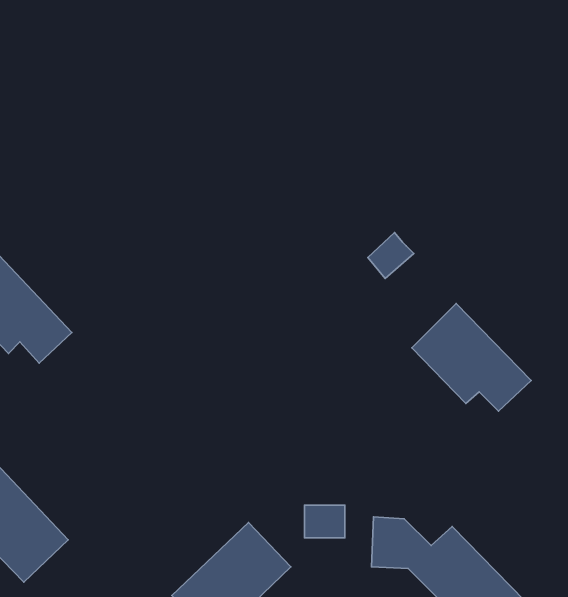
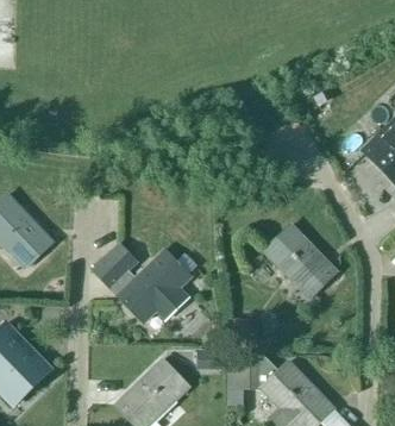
building: none -> [92,243,190,326]

